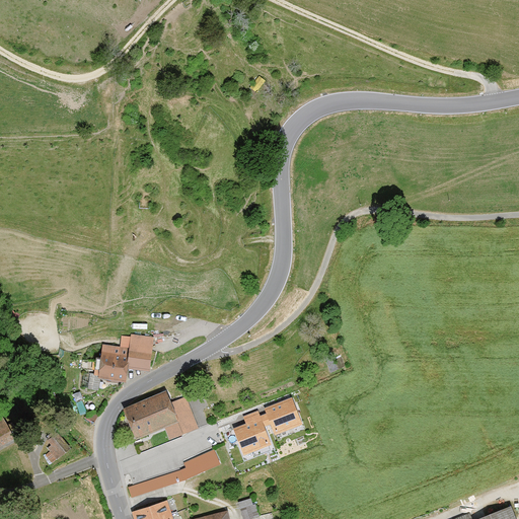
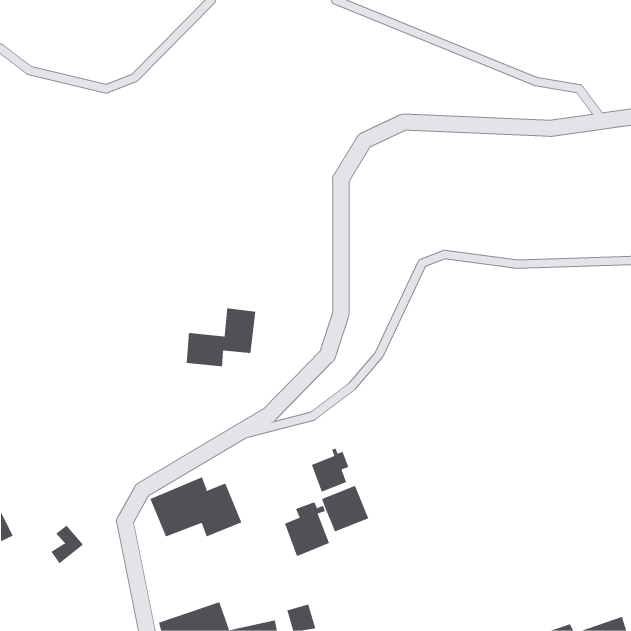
building: [94,333,152,382] -> [186,308,256,367]
building: none -> [311,448,349,493]
building: [129,450,220,497] -> none

